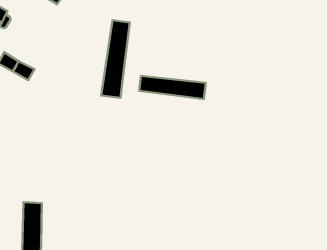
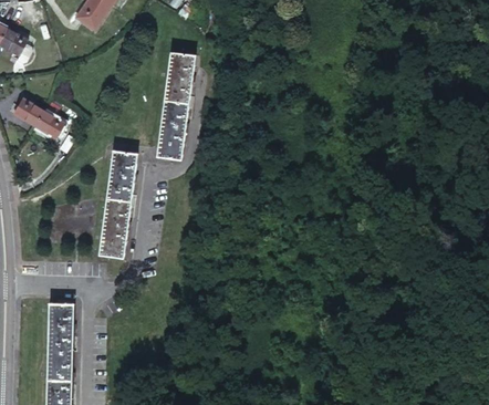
building: [139,76,206,99] -> none
building: none -> [98,150,137,258]

